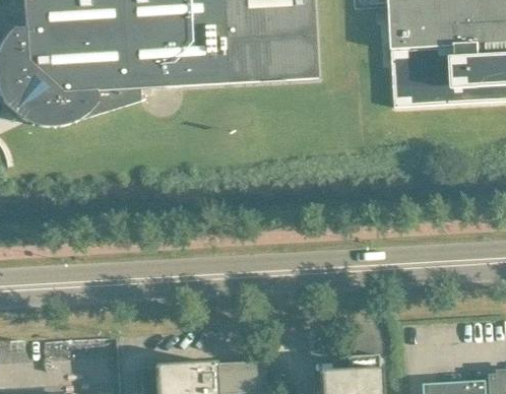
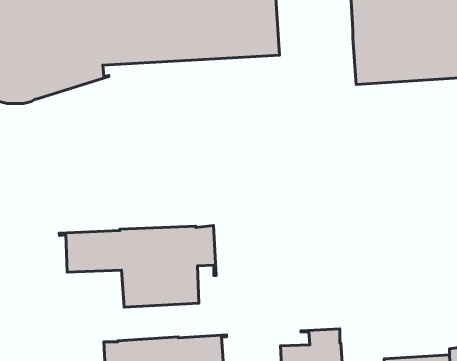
building: none -> [59,225,216,307]

